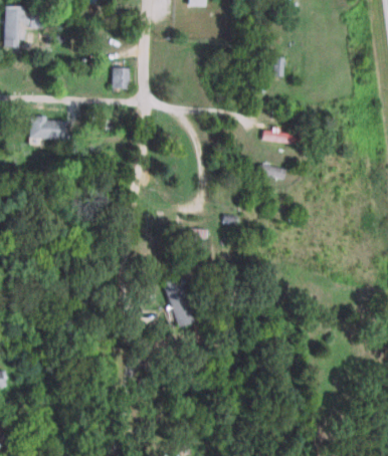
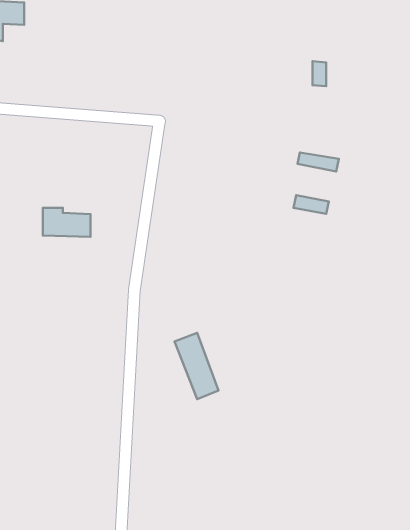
building: [111,68,129,89] -> none
building: [30,117,68,140] -> [43,208,90,237]

